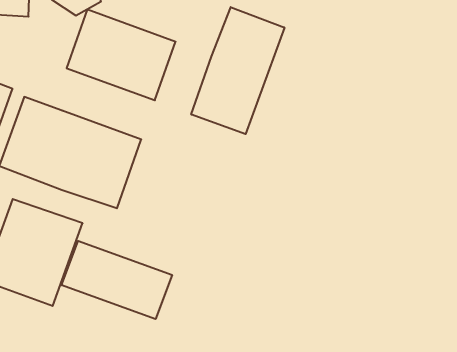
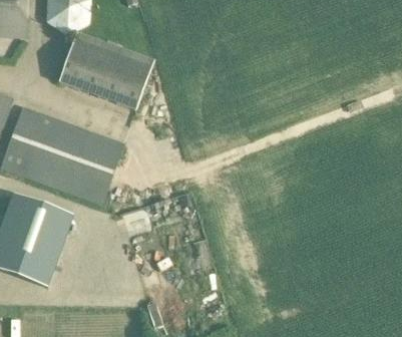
building: [191,7,284,134] -> none
building: [62,241,172,319] -> none

